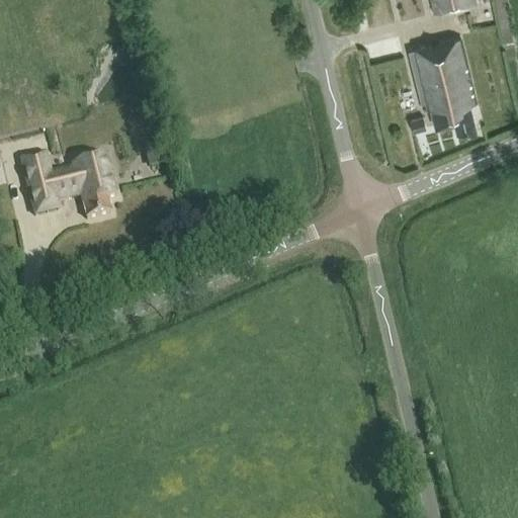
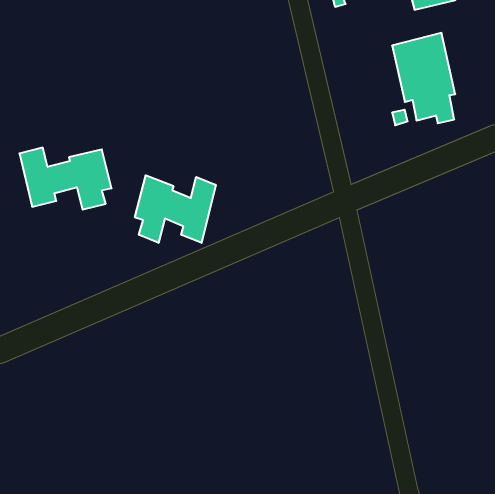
building: none -> [135,175,216,243]

